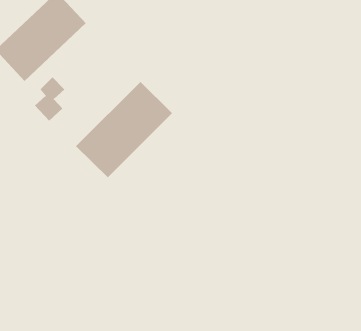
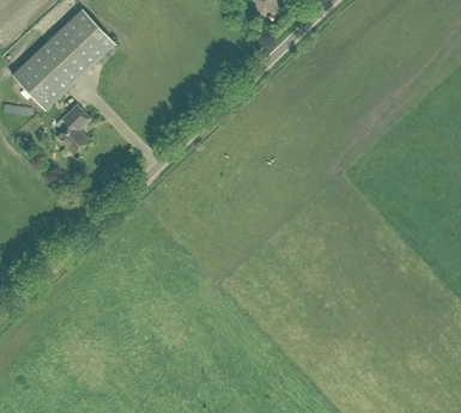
building: [75,81,173,178] -> none

